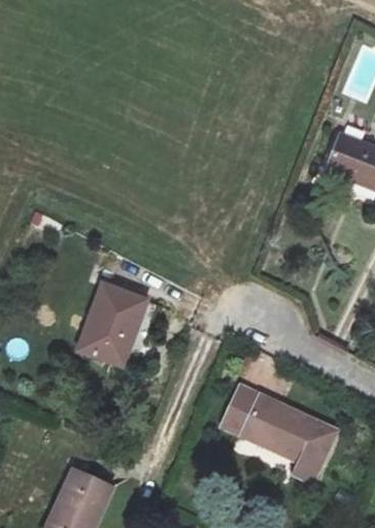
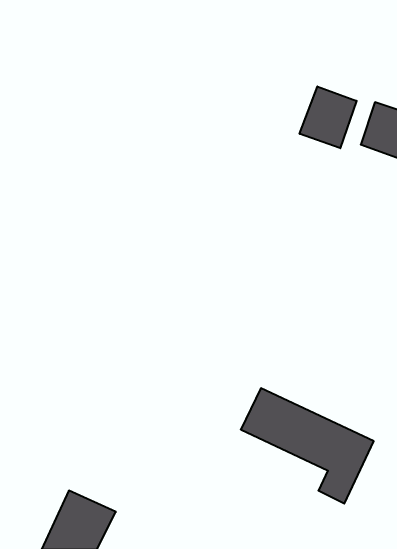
building: none -> [300,86,357,148]
building: [76,283,147,368] -> none

